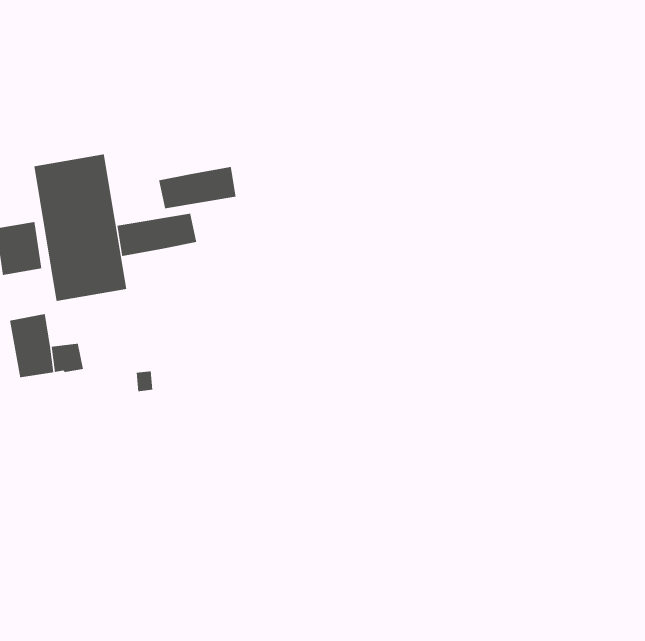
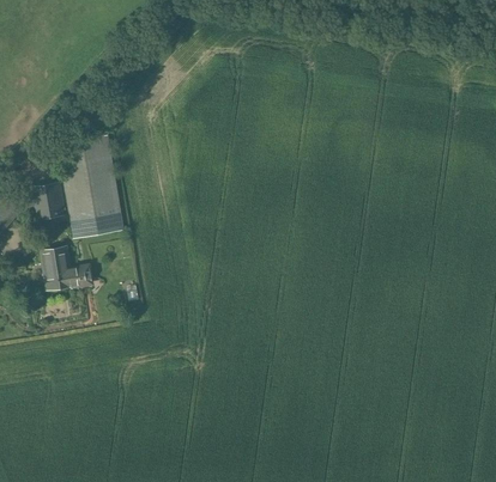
building: [158,166,236,209] -> none
building: [117,213,197,257] -> none

